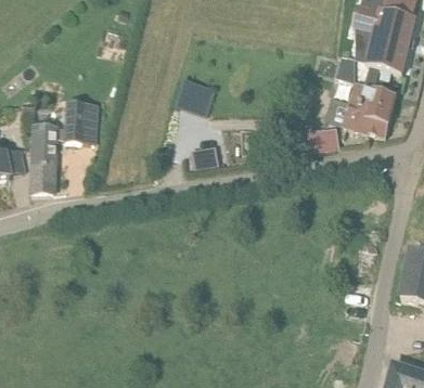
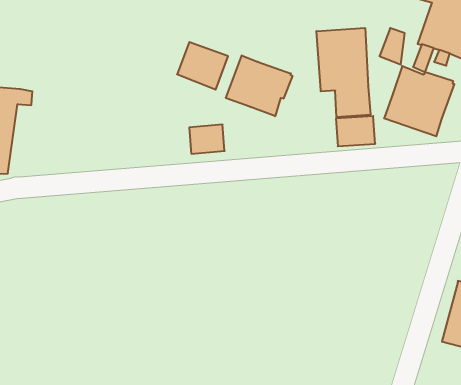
building: none -> [316,28,370,117]
building: none -> [226,55,292,116]
building: [65,104,97,141] -> none

